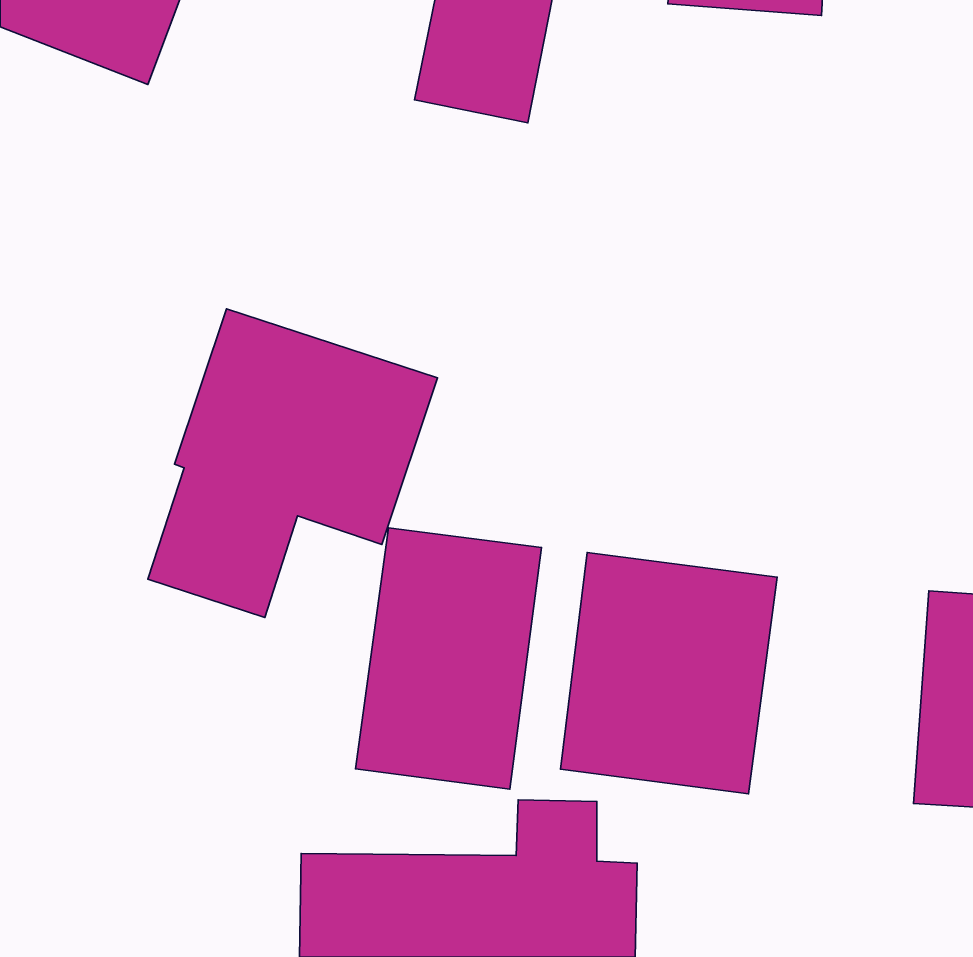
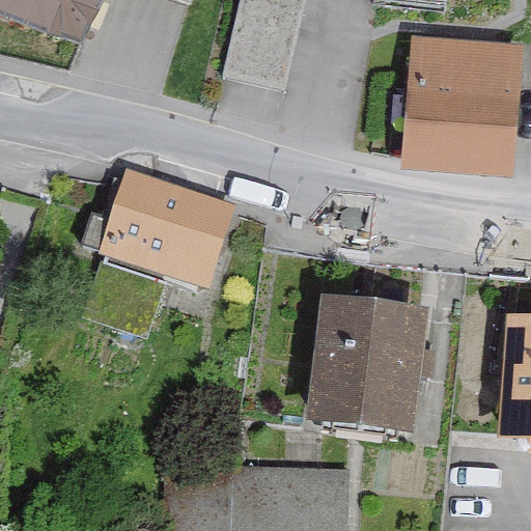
building: none -> [406,35,520,161]
building: [356,528,541,789] -> none

